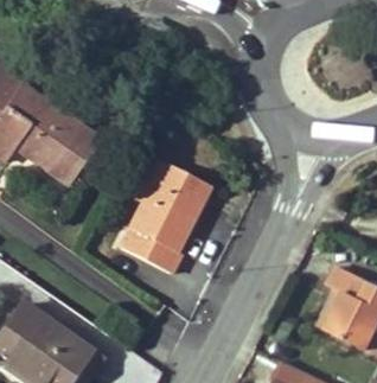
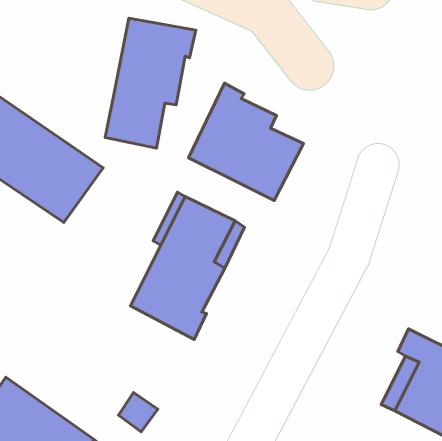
building: none -> [105,18,196,148]
building: none -> [188,83,303,201]

